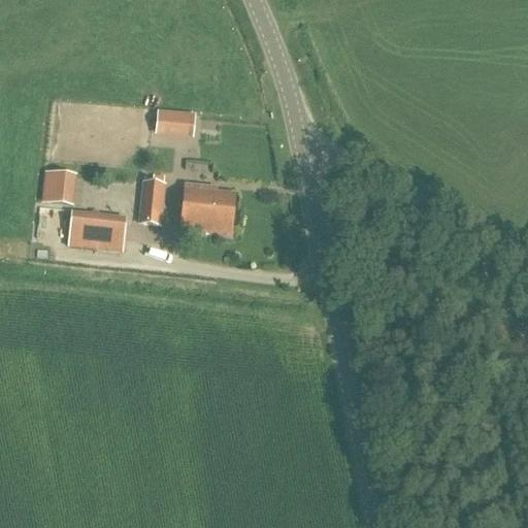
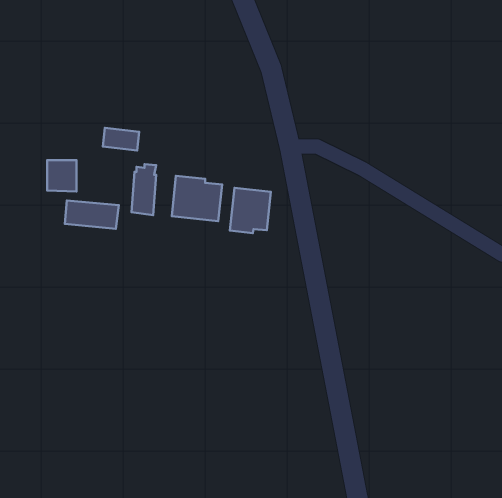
building: [156,111,194,135] -> [103,128,139,151]
building: none -> [230,188,271,233]

